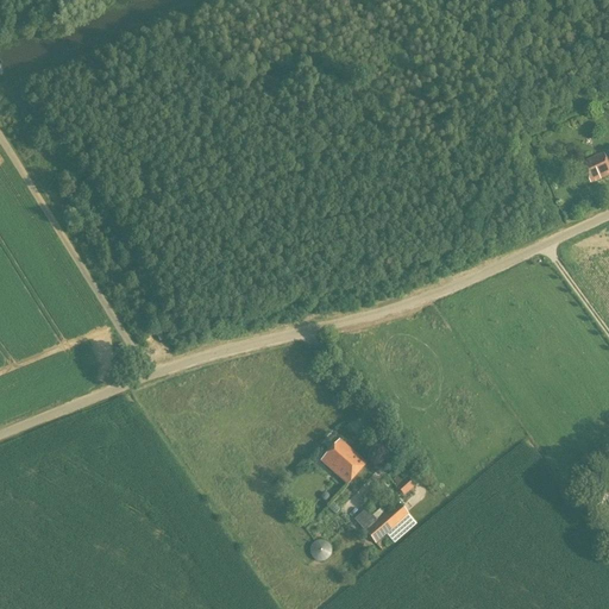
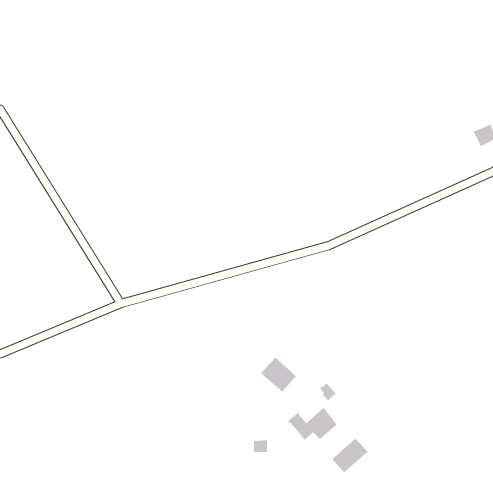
building: none -> [332,438,369,473]

